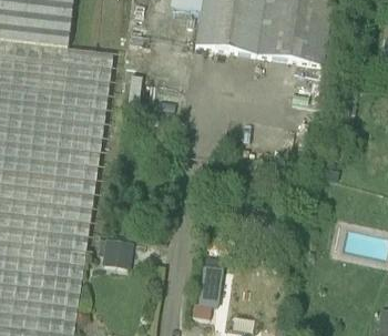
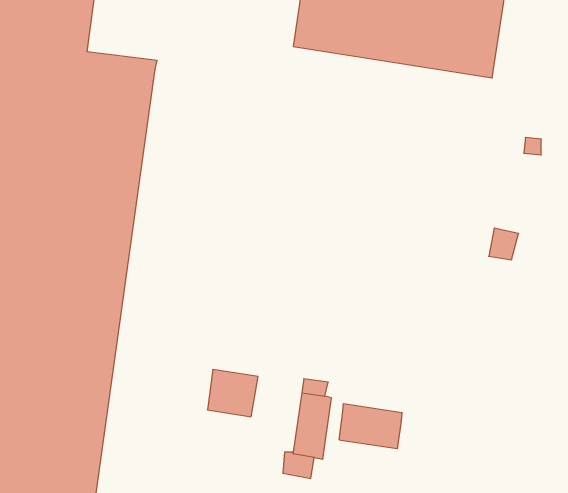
building: [101,237,133,267] -> [207,370,258,417]
building: none -> [339,404,402,449]

